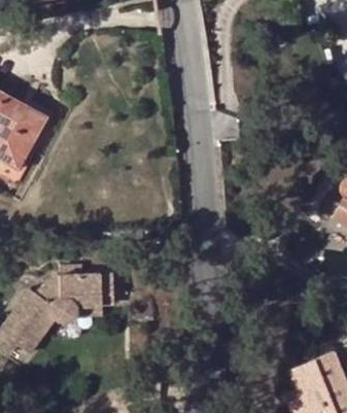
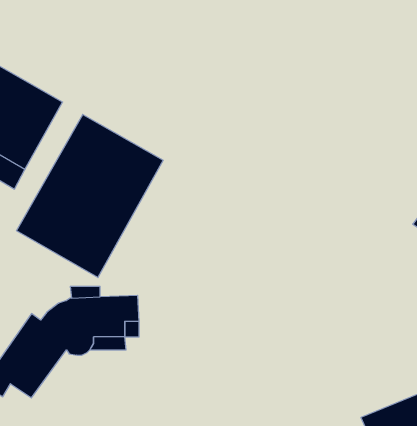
building: none -> [17,114,163,278]

